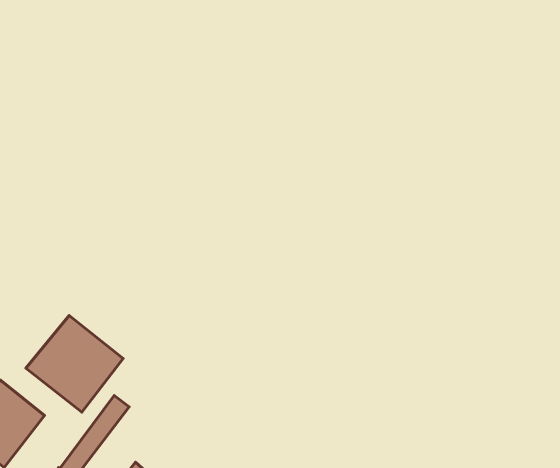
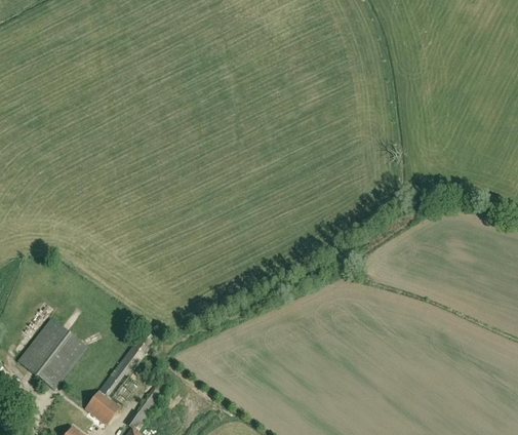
building: [26,316,123,412] -> none

